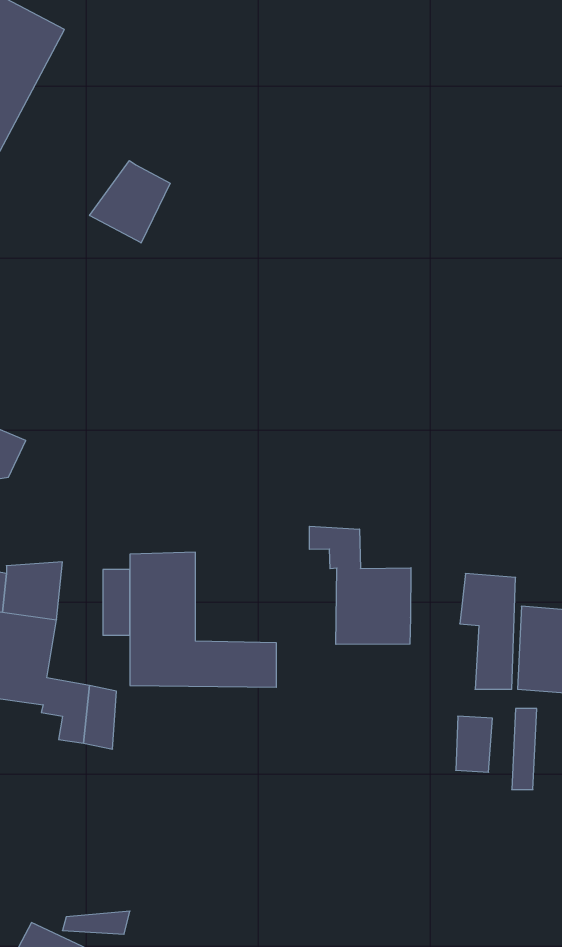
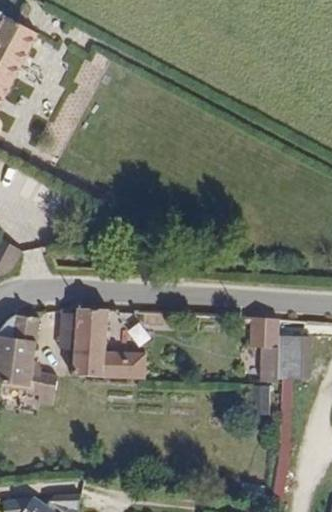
building: [90,161,170,243] -> none
building: [309,526,411,644] -> none

